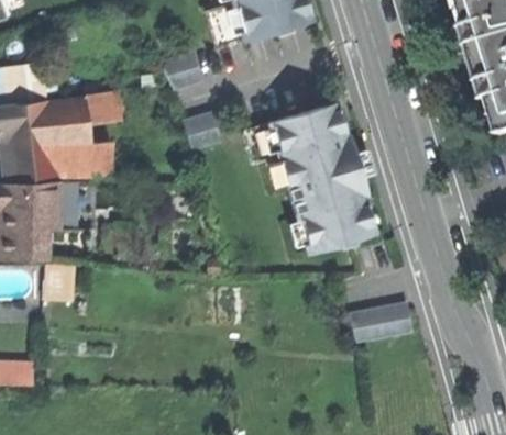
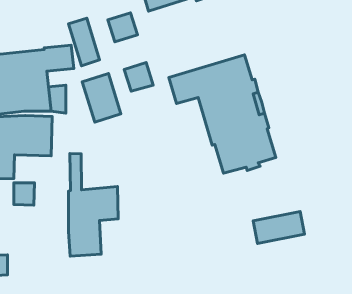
building: none -> [69,18,100,66]
building: none -> [82,73,121,122]
building: none -> [69,153,118,256]

